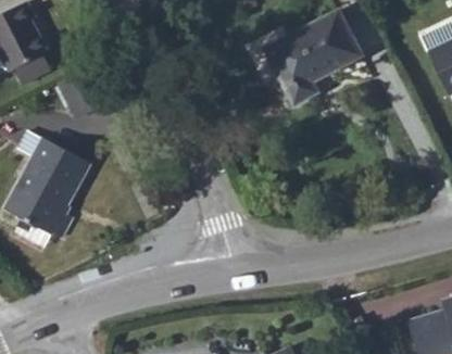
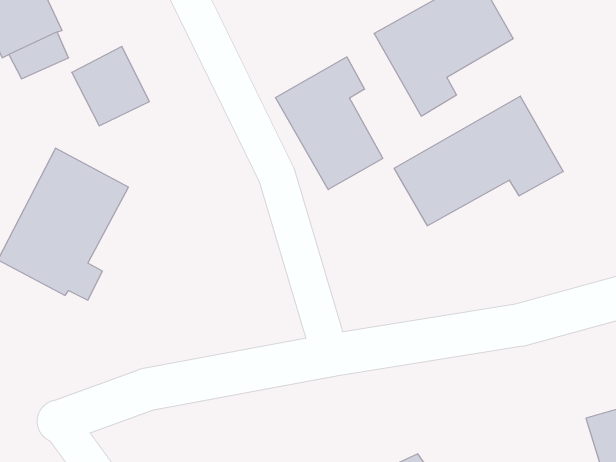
building: none -> [275,57,383,190]
building: none -> [394,96,563,226]

